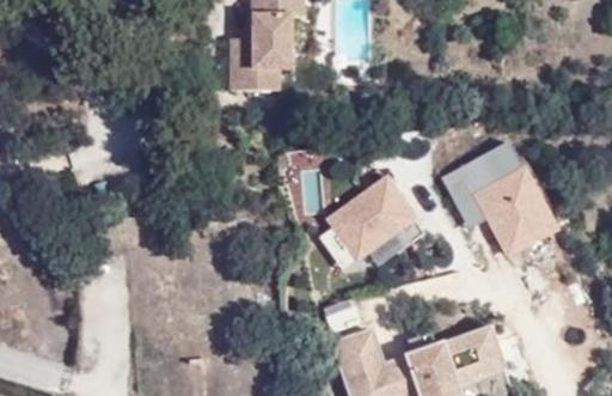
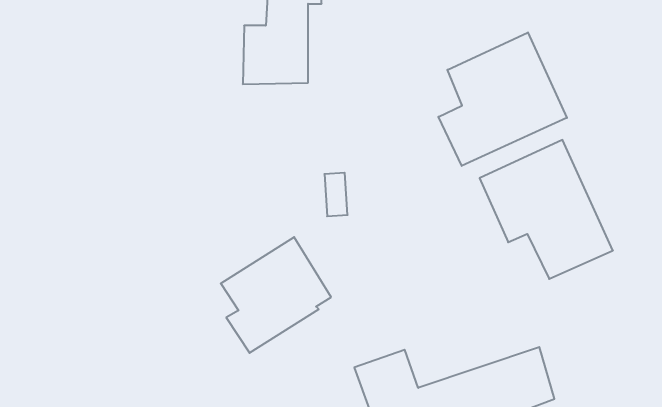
building: none -> [438,32,567,166]
building: [323,175,420,276] -> [221,237,331,353]

